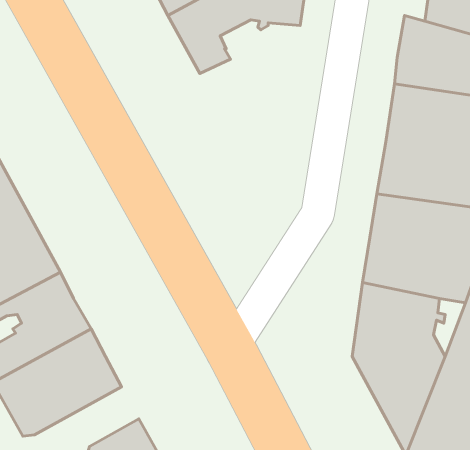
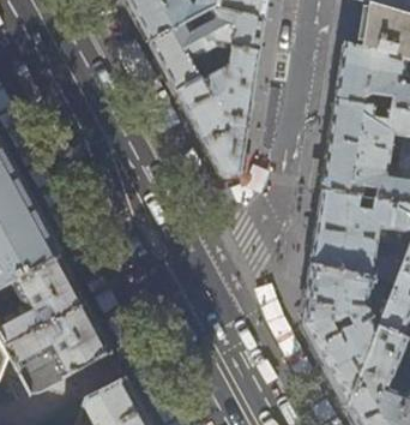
building: none -> [176,52,259,180]

